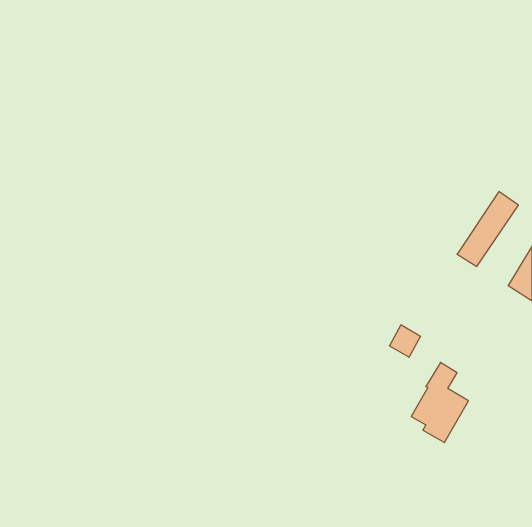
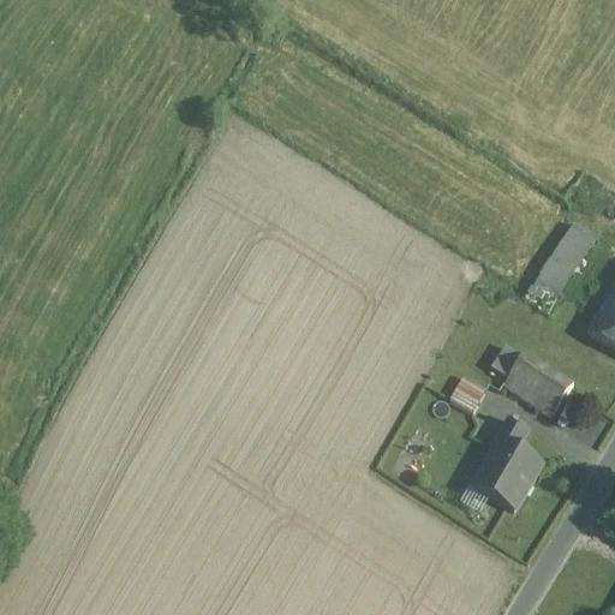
building: none -> [502,351,572,416]

